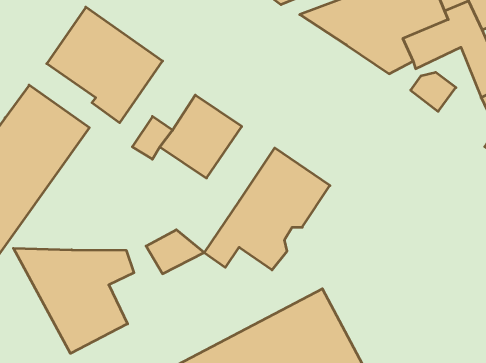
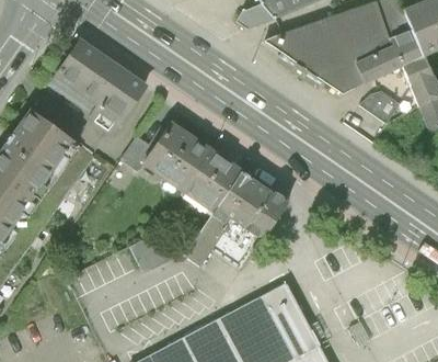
building: none -> [183,140,242,205]
building: [13,248,134,353] -> none

